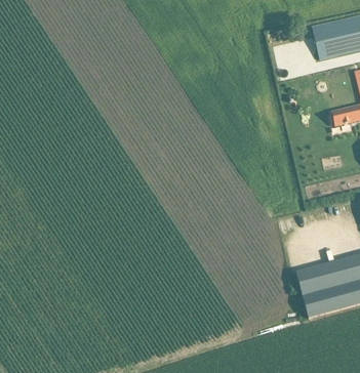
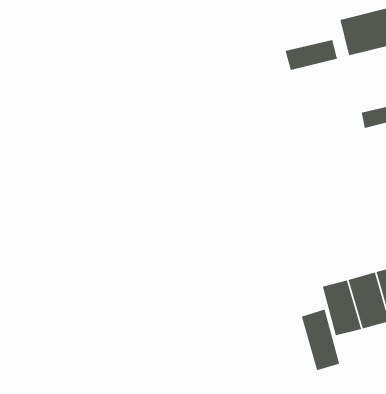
building: none -> [285,39,338,71]
building: none -> [301,309,340,371]

